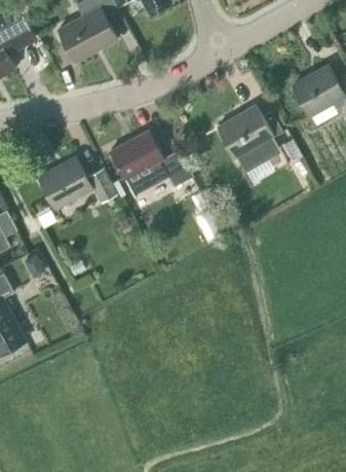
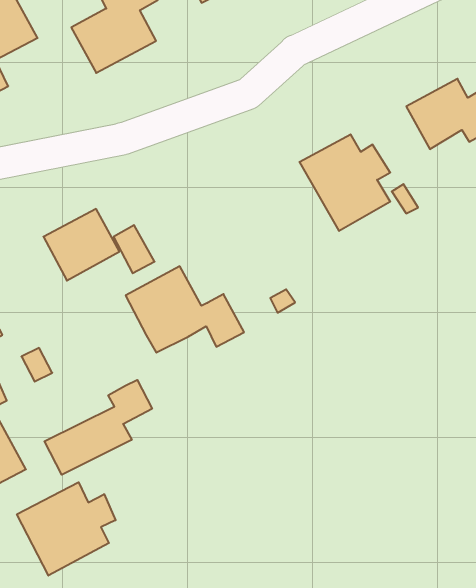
building: [110,132,193,192] -> [126,266,244,353]
building: none -> [44,380,152,475]
building: none -> [17,482,116,576]

